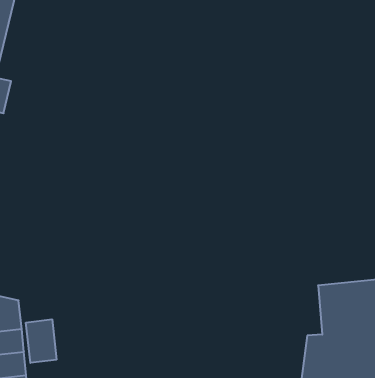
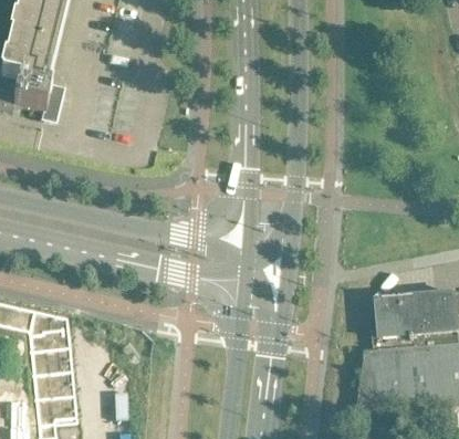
building: [26,319,56,363] -> none

